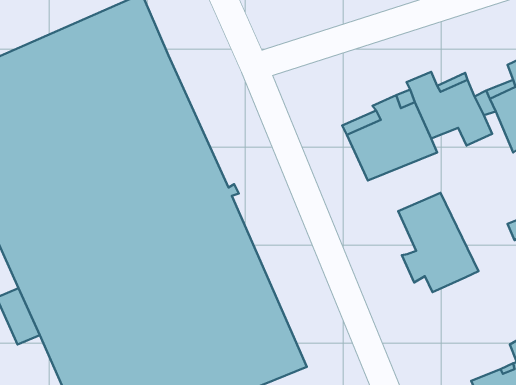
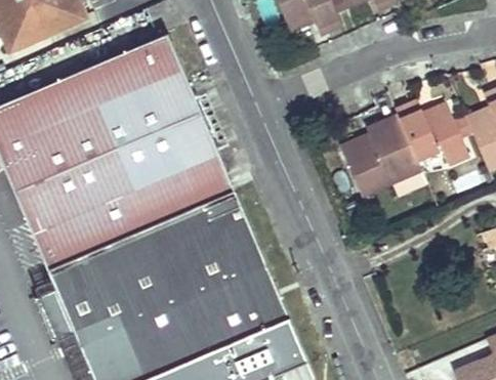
building: [398,193,478,292] -> none

